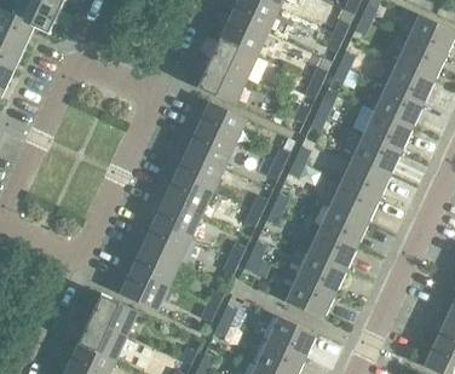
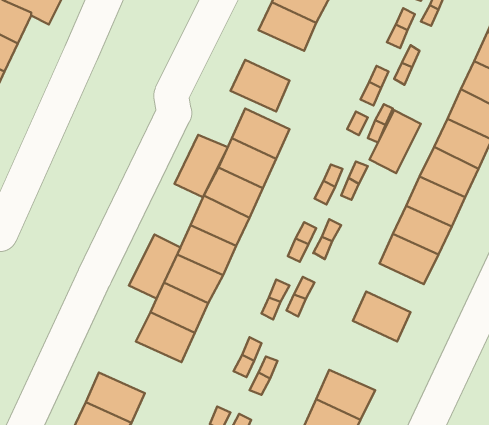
building: [209,38,258,79] -> none
building: none -> [370,110,421,173]
building: none -> [174,135,228,197]
building: none -> [129,234,180,299]
building: [309,229,356,269] -> none
building: [286,276,334,317] -> none
building: [90,294,138,335] -> none

